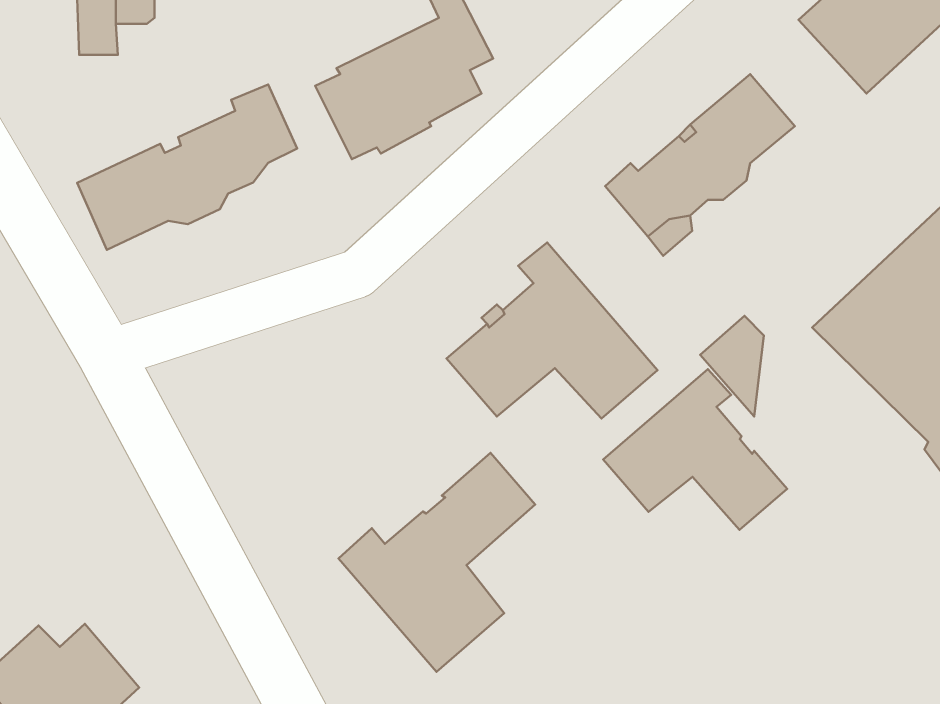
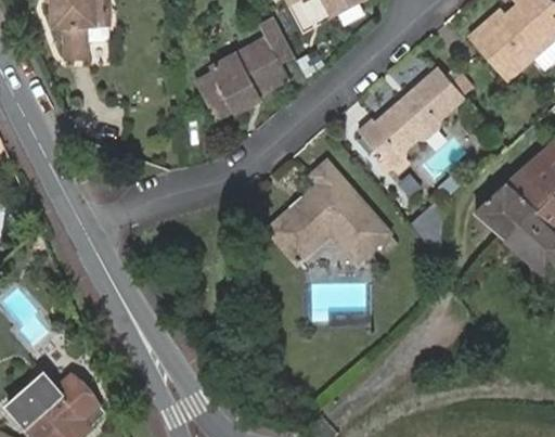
building: [77,84,297,250] -> none
building: [603,369,787,530] -> none
building: [339,453,535,672] -> none

